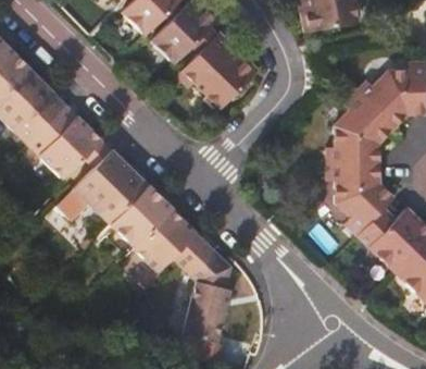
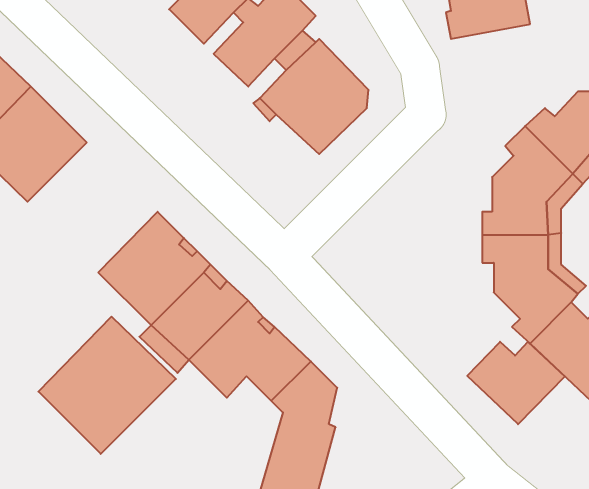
building: [27,103,102,179] -> none
building: none -> [38,317,176,454]
building: none -> [467,342,565,424]

